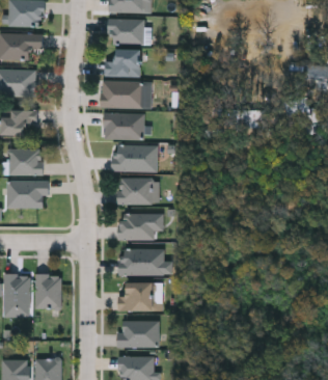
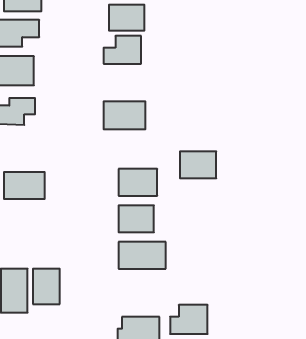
building: [102,83,151,109] -> none
building: [112,145,147,171] -> [180,151,216,178]
building: [9,148,43,175] -> none
building: [118,283,155,311] -> [170,305,208,334]

